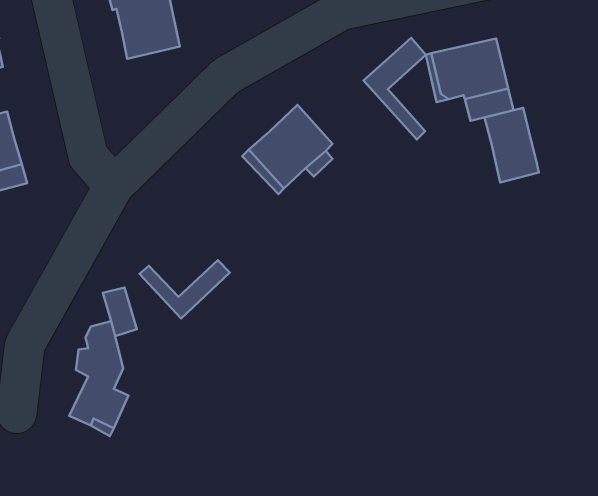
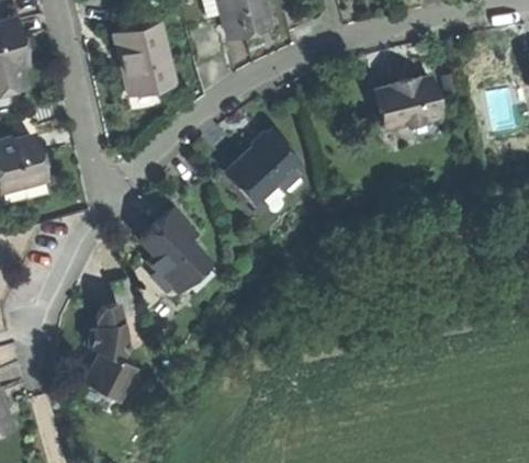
building: [364,38,426,140] -> none
building: [484,108,539,183] -> none
building: none -> [143,210,206,285]

